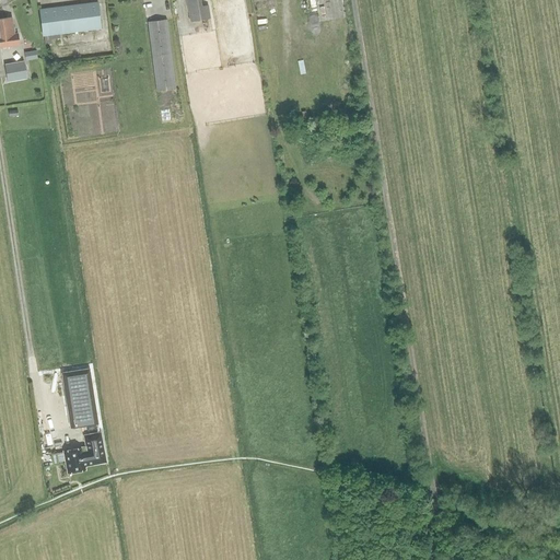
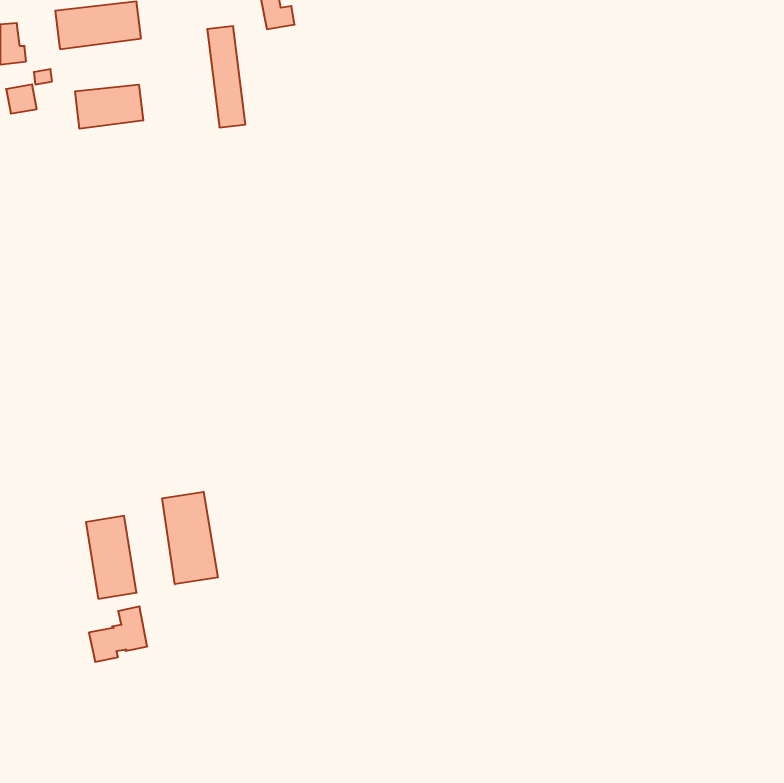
building: none -> [75,85,143,129]
building: none -> [162,492,218,584]

